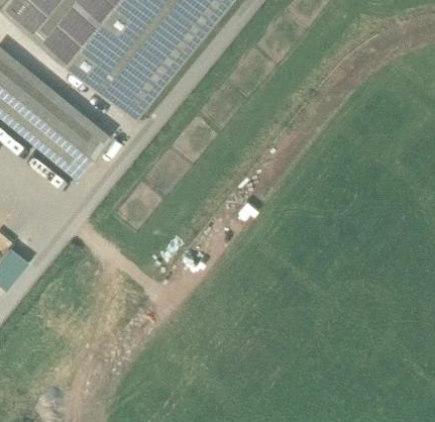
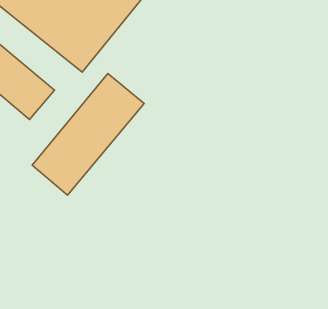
building: none -> [32,73,144,195]

